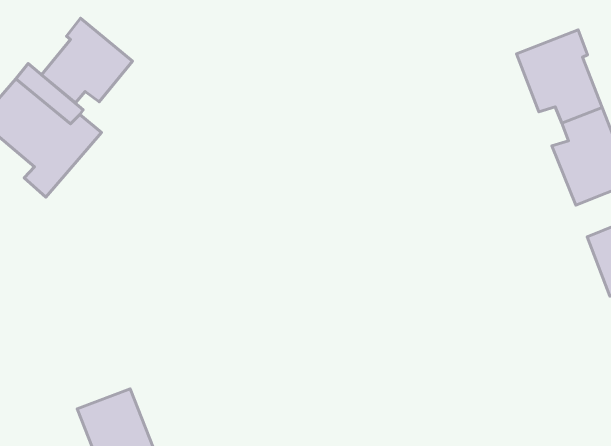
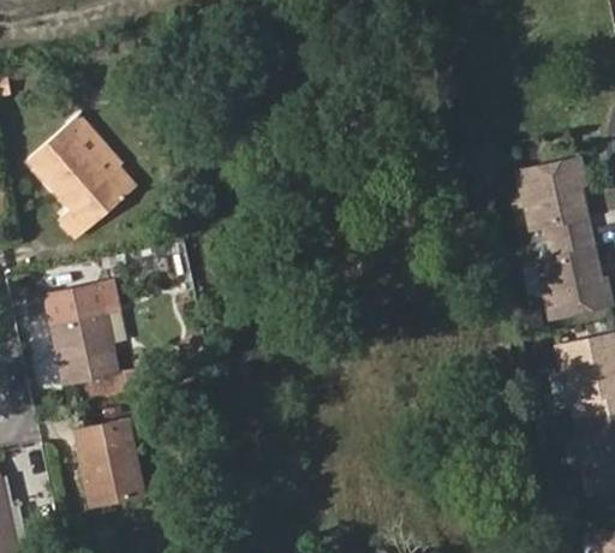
building: [41,18,132,103] -> none
building: none -> [48,283,120,385]

